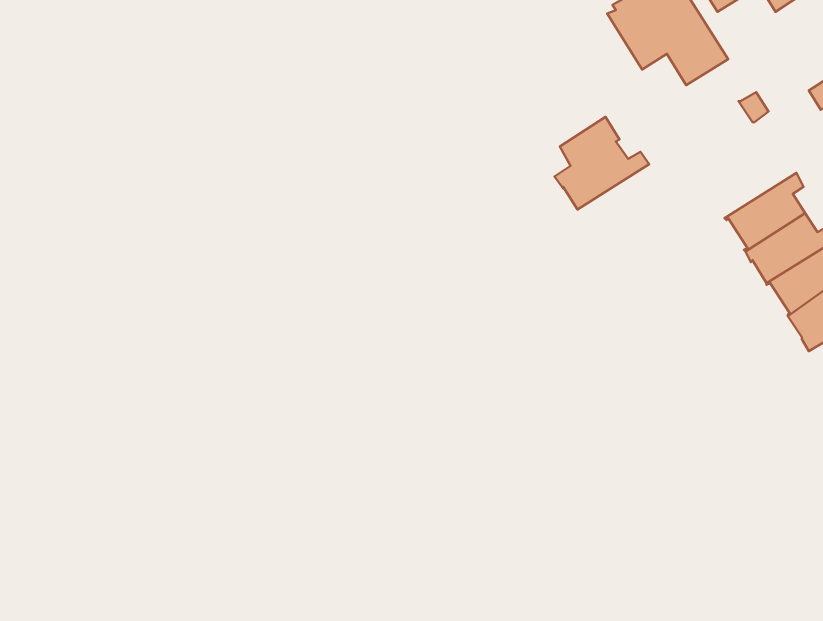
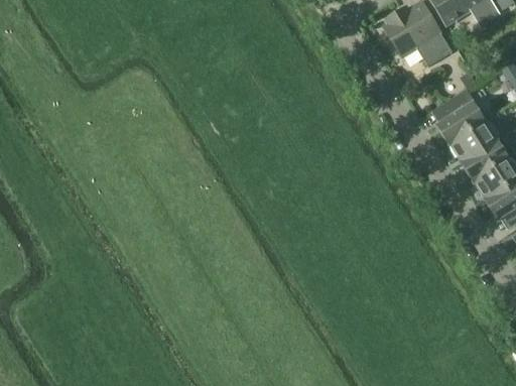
building: [555,117,649,210] -> [436,90,491,143]

